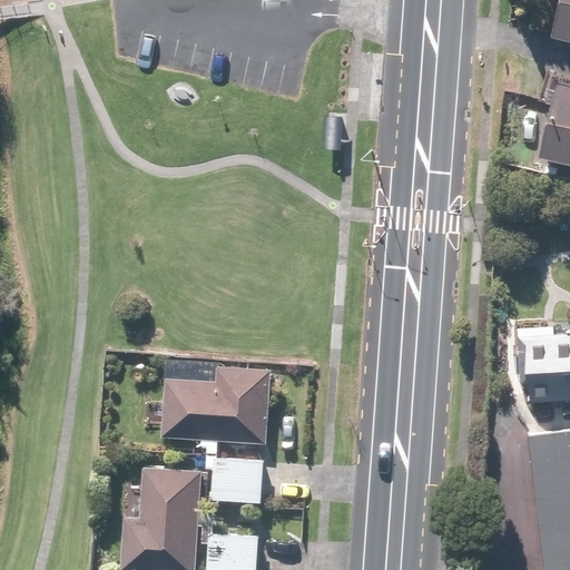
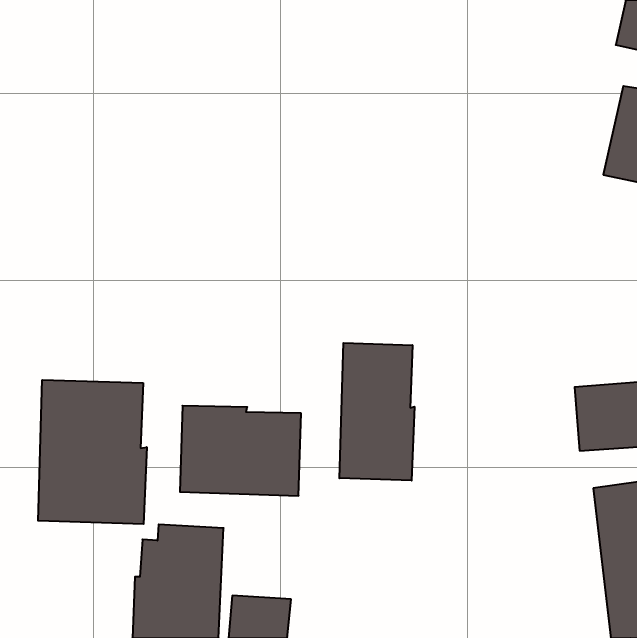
building: none -> [339,343,414,481]
building: none -> [38,380,147,524]
building: [209,456,265,505] -> none

